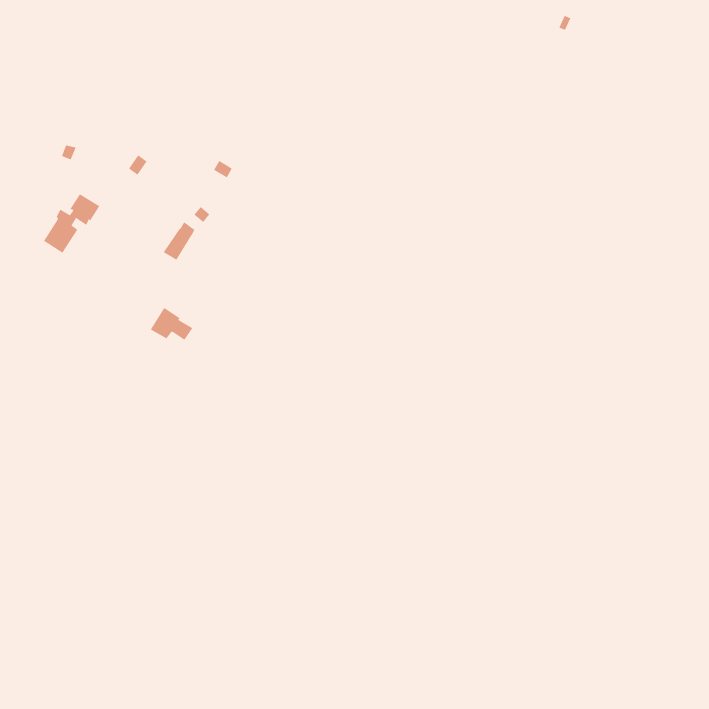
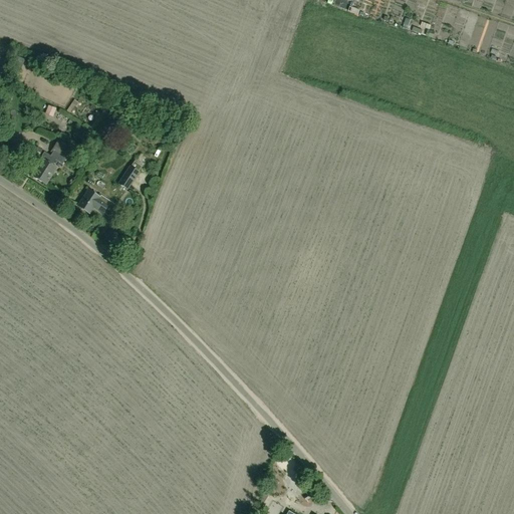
building: [150,307,193,341] -> [79,188,110,212]

